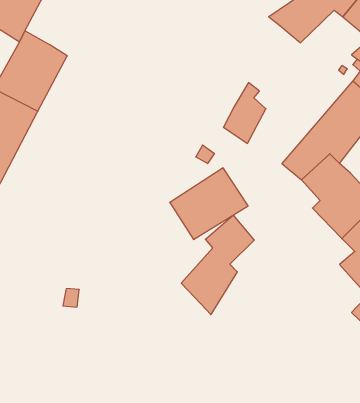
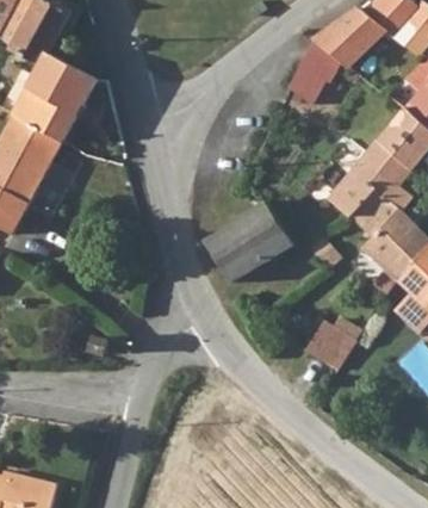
building: [223,83,266,143] -> [285,37,331,104]
building: [181,215,254,315] -> none
building: none -> [303,322,354,372]

